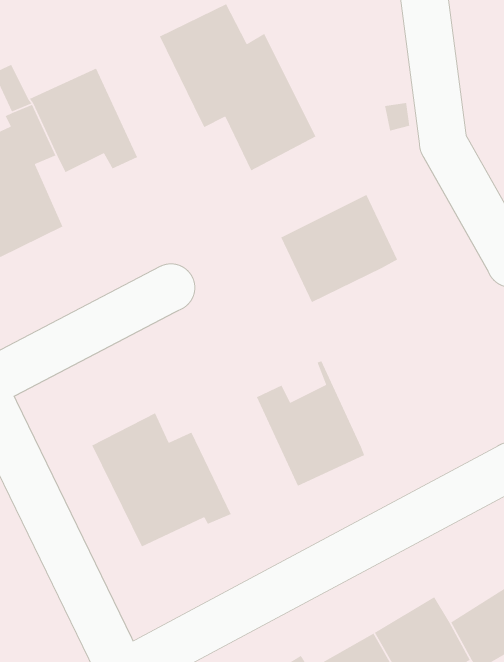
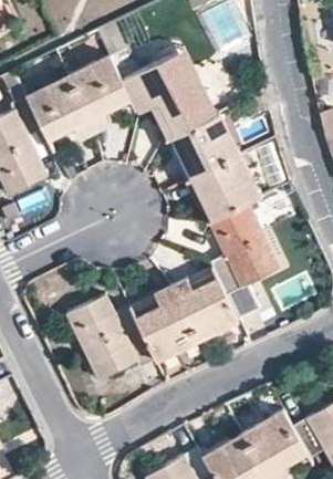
building: none -> [70,52,132,129]
building: none -> [168,111,242,180]
building: none -> [207,200,282,314]
building: none -> [131,282,198,360]

